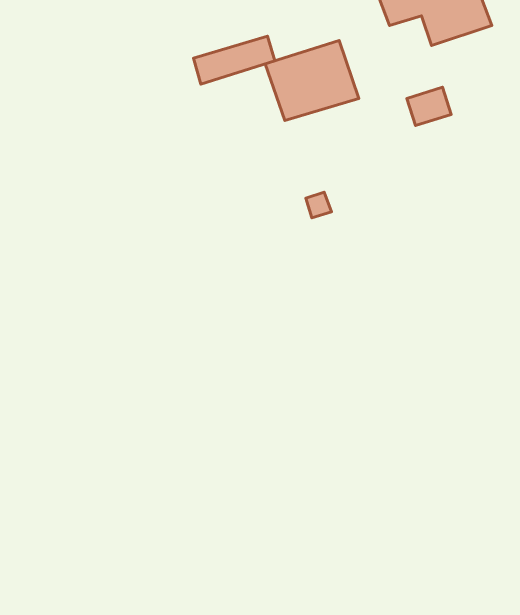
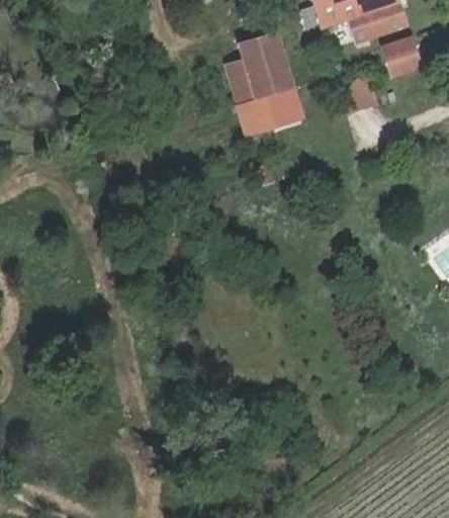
building: [193,36,275,84] -> [237,85,303,124]
building: none -> [379,35,422,78]

